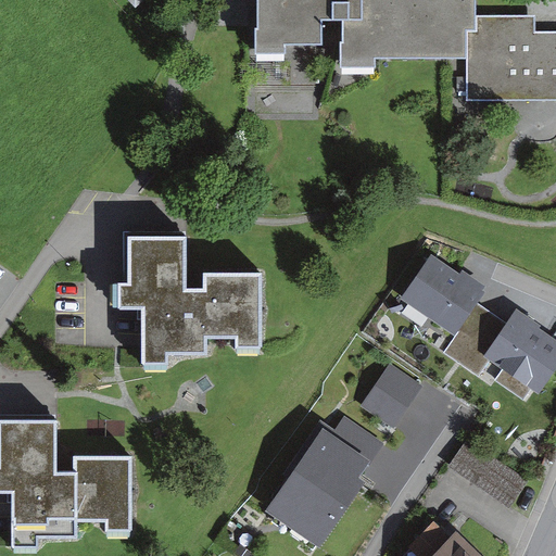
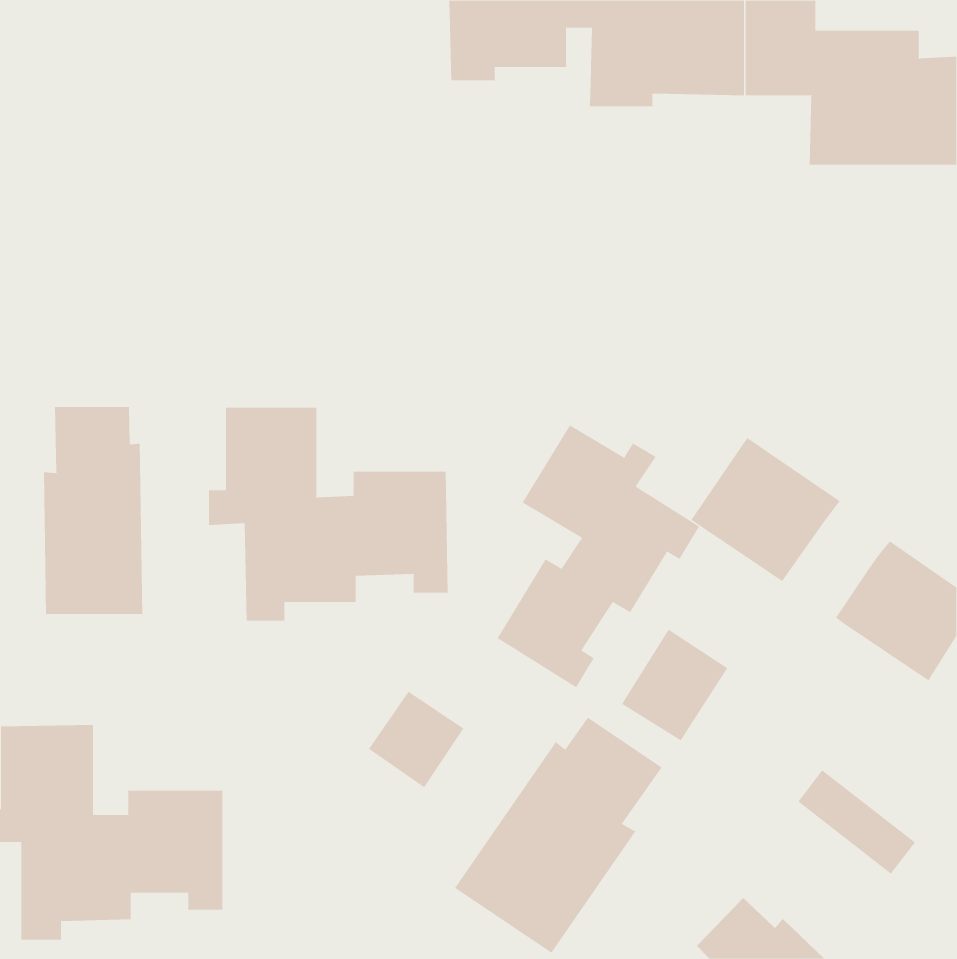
building: none -> [43,406,143,615]
building: none -> [497,424,700,688]
building: [442,303,506,376] -> none
building: none -> [368,691,464,788]

